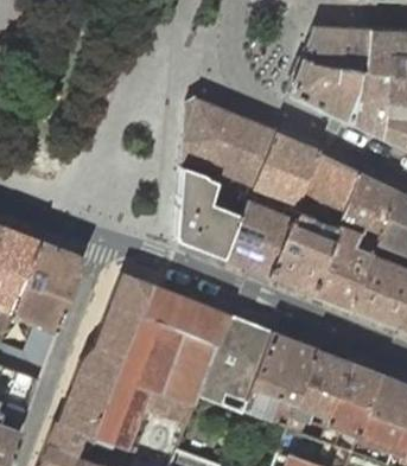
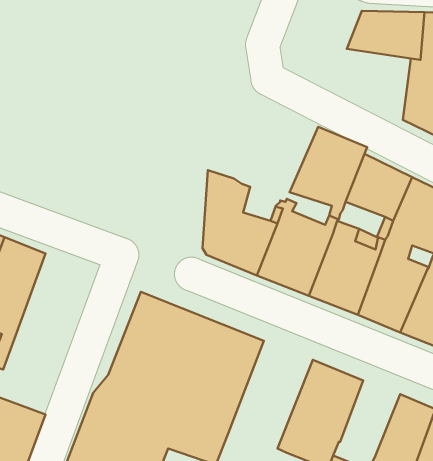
building: [291,63,358,125] -> none
building: [183,97,278,196] -> none
building: [13,241,87,381] -> none
building: [199,317,273,414] -> none
building: [297,351,349,416] -> none

